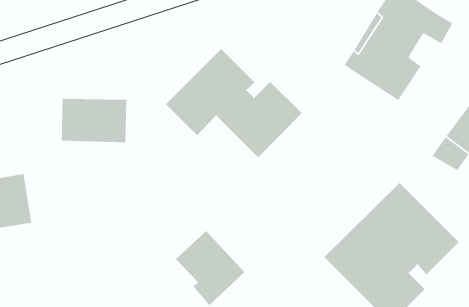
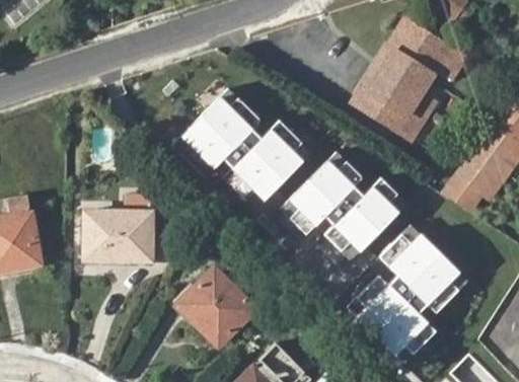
building: [61,98,127,143] -> [87,217,154,262]
building: none -> [268,152,409,268]

